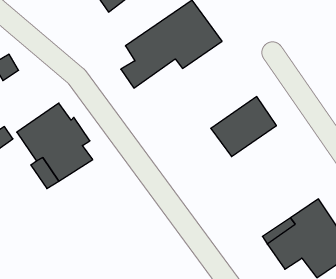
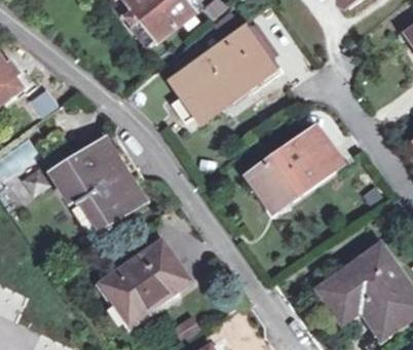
building: none -> [248,166,288,209]
building: none -> [101,245,186,323]

